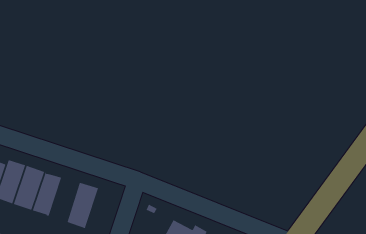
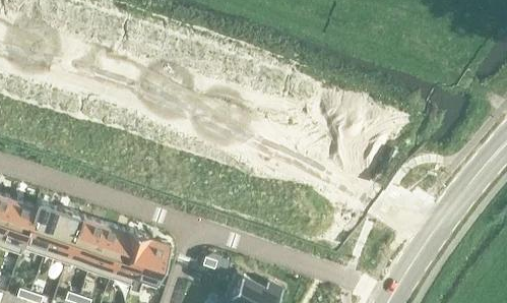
building: none -> [89,223,126,279]
building: none -> [136,238,173,289]

